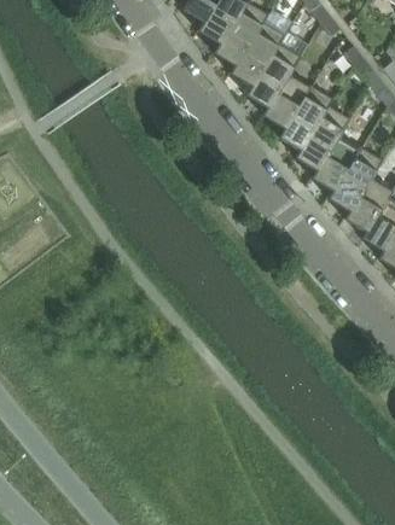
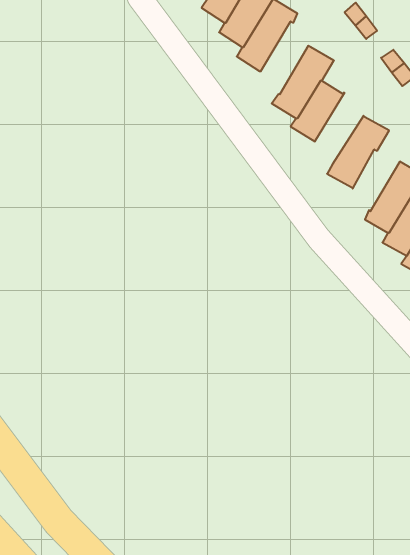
building: [230,22,285,87] -> none
building: [279,86,333,150] -> none
building: [312,136,360,192] -> none

